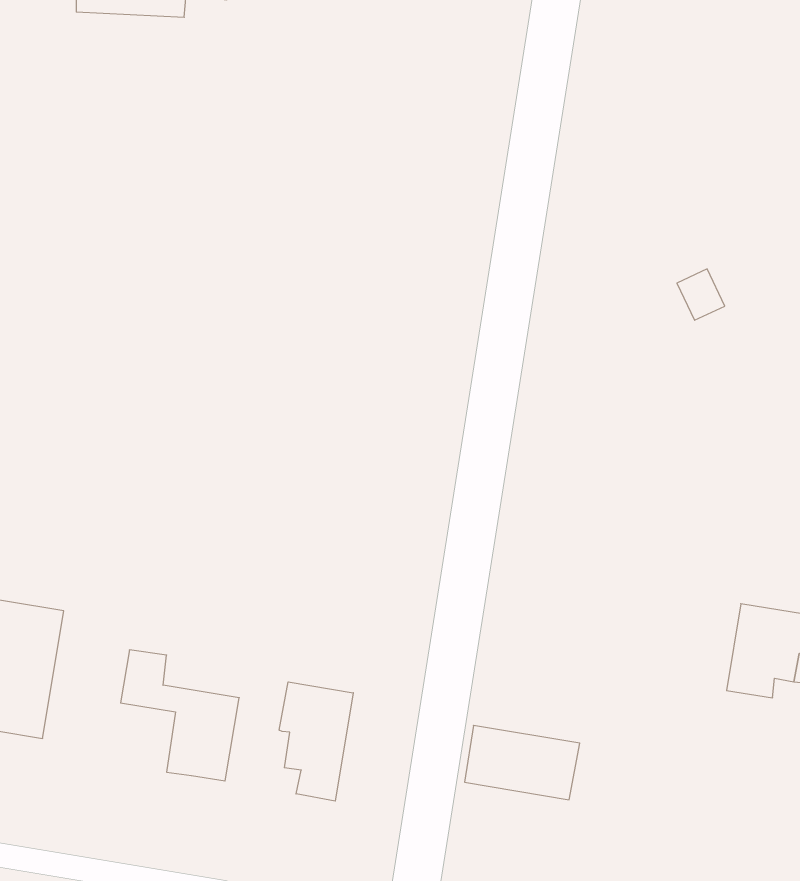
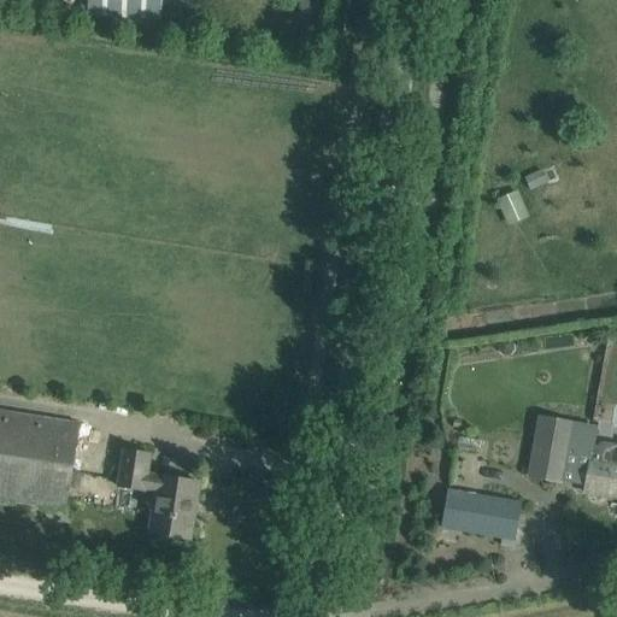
building: [279,682,353,801] -> none
building: [465,725,580,800] -> [442,488,521,539]

